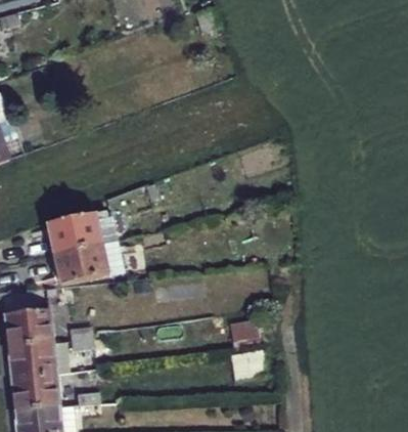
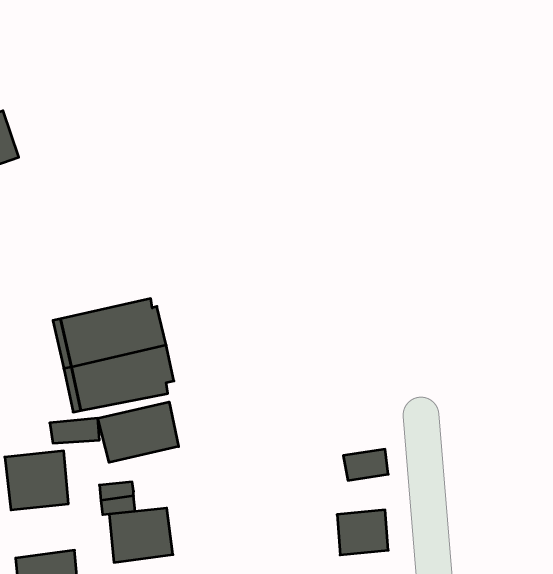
building: none -> [98,402,179,462]
building: [12,347,54,383] -> [109,508,173,562]

